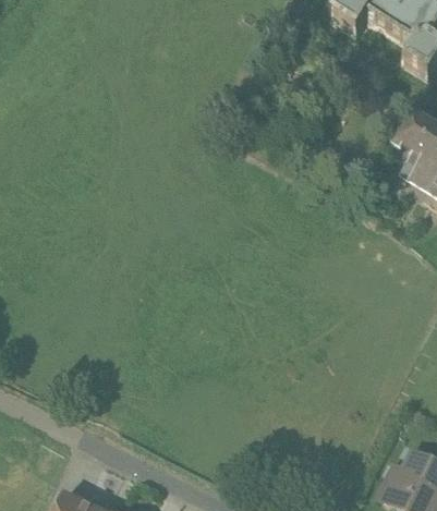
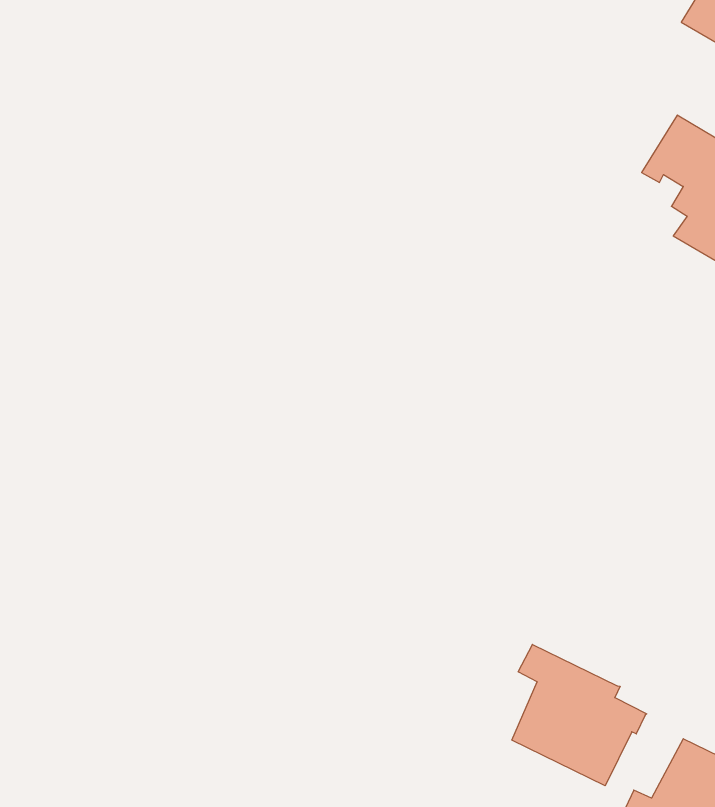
building: none -> [512,644,647,786]

